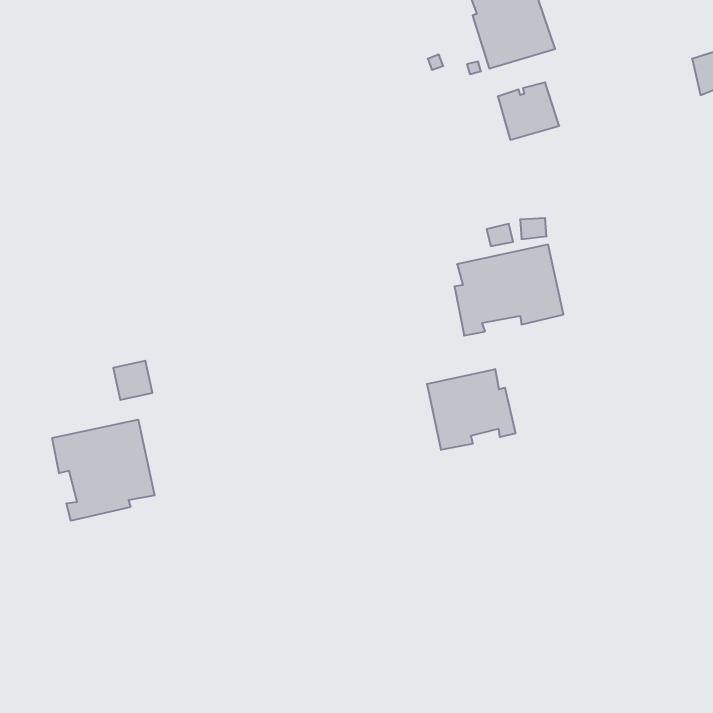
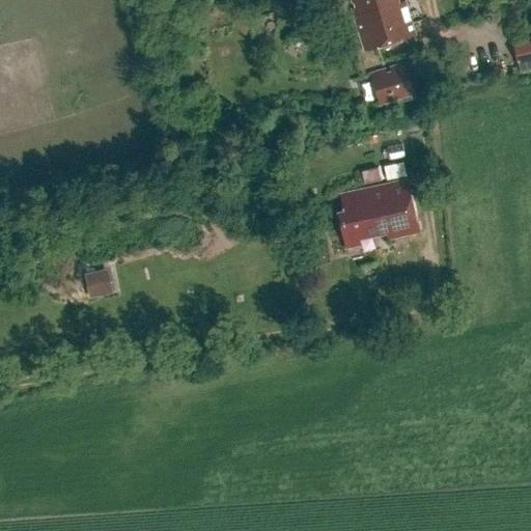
building: [427,369,515,450] -> none
building: [52,420,155,521] -> none

